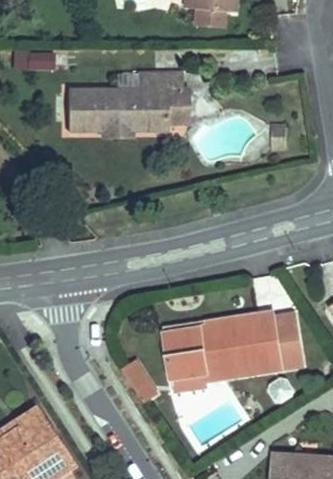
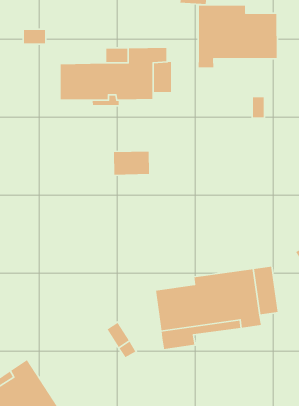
building: none -> [198,5,277,68]
building: none -> [113,151,150,175]

